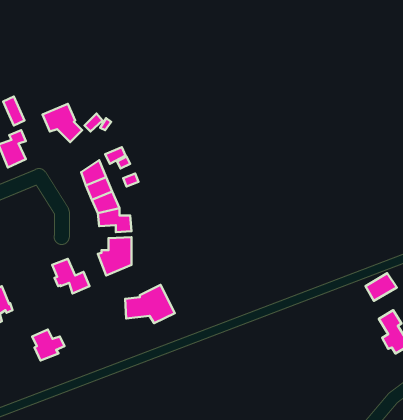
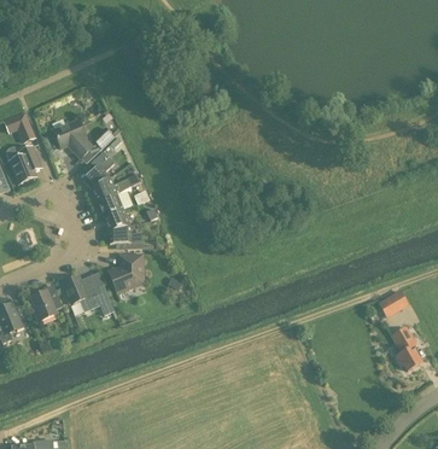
building: none -> [82,151,113,188]
building: [125,285,175,323] -> none
building: [32,329,65,361] -> [30,288,63,320]

